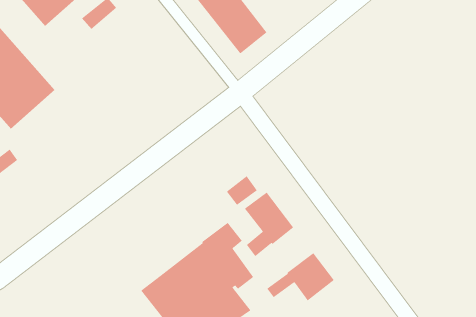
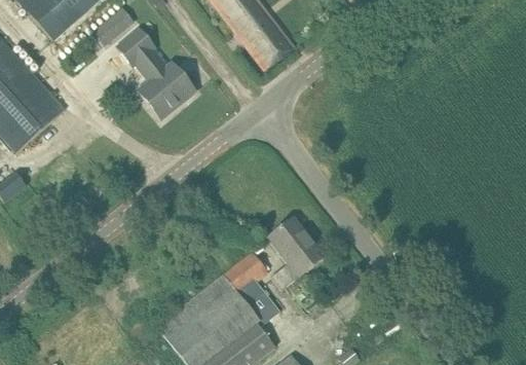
building: none -> [115,26,195,119]
building: [226,175,258,206] -> none
building: [266,252,335,301] -> none

